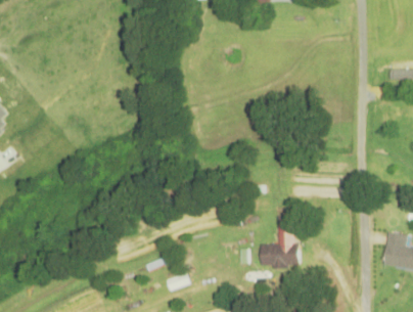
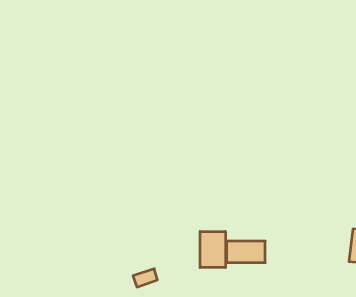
building: none -> [200,231,225,268]

